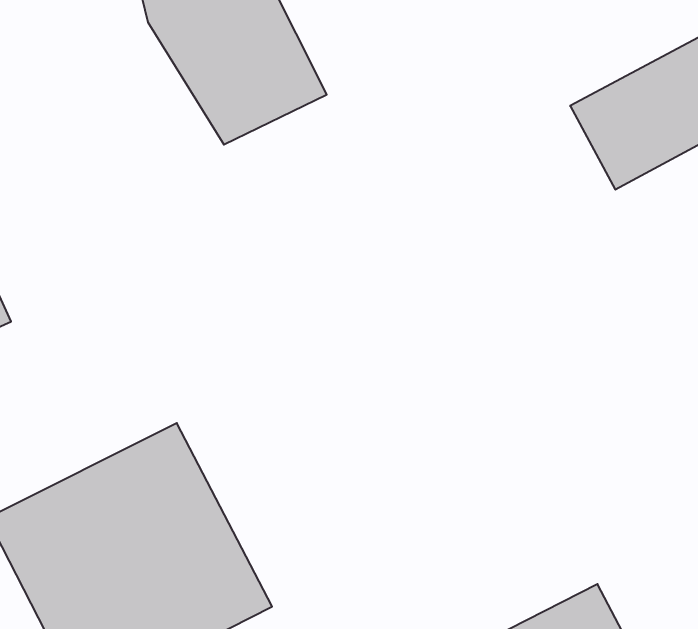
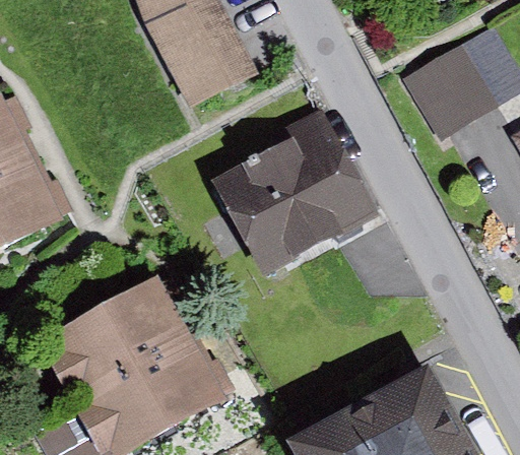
building: none -> [215,112,374,268]

